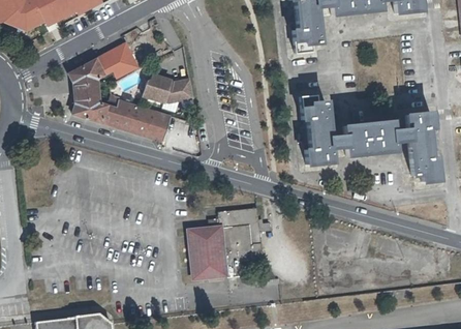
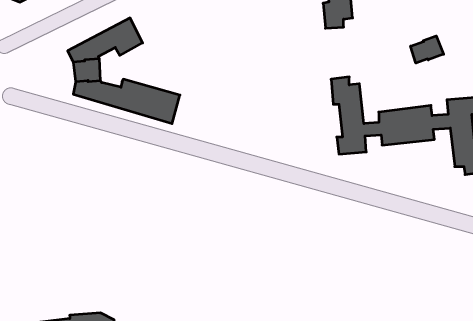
building: none -> [411,36,444,63]
building: [144,74,193,102] -> none
building: [188,206,270,276] -> none

